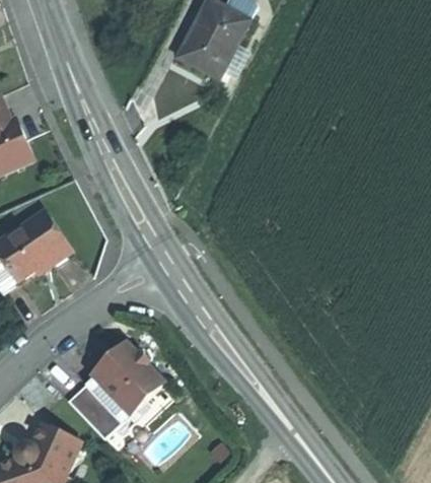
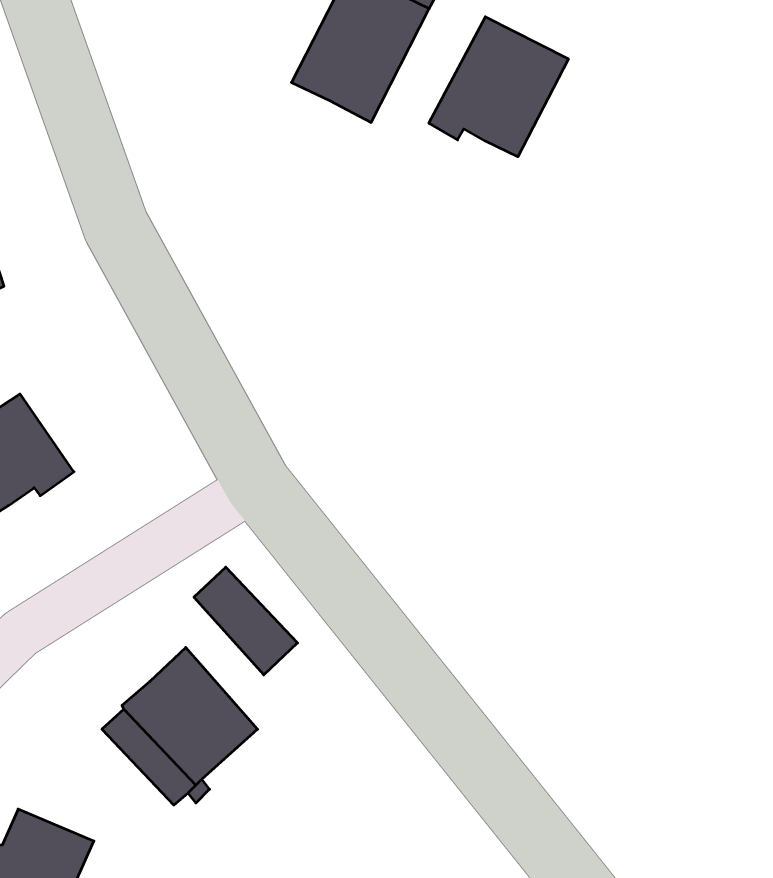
building: none -> [429,17,568,157]
building: [66,384,119,438] -> [194,567,298,675]

